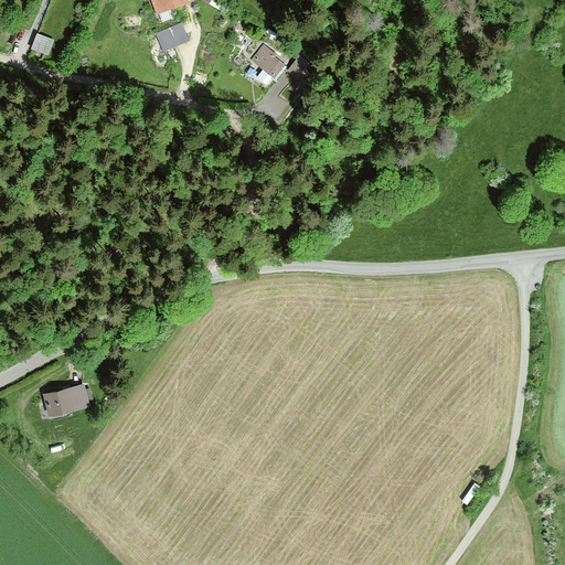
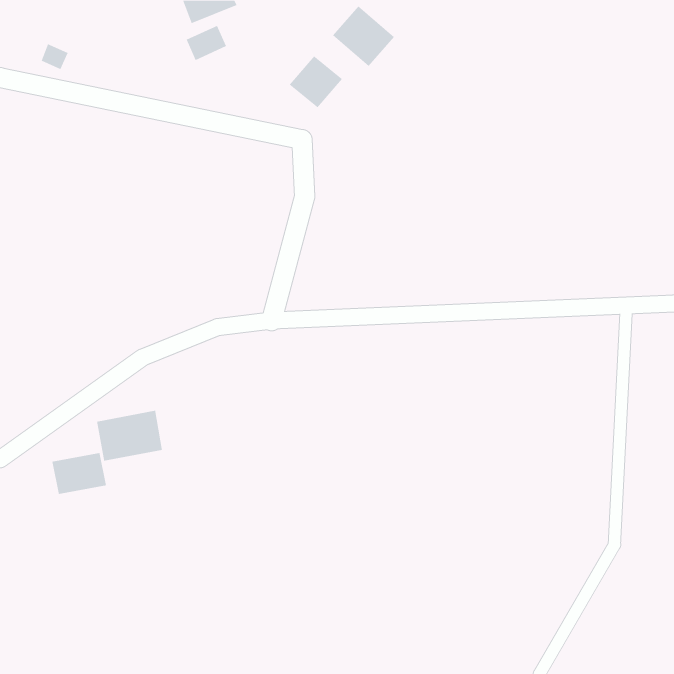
building: none -> [332,6,395,67]
building: none -> [97,410,163,462]

